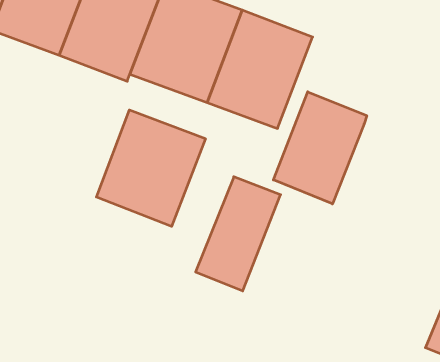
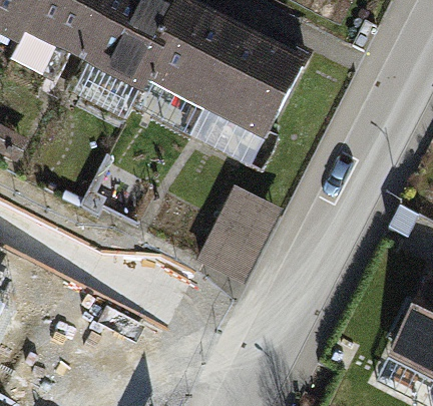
building: [273,92,367,204] -> none
building: [96,110,205,226] -> none

